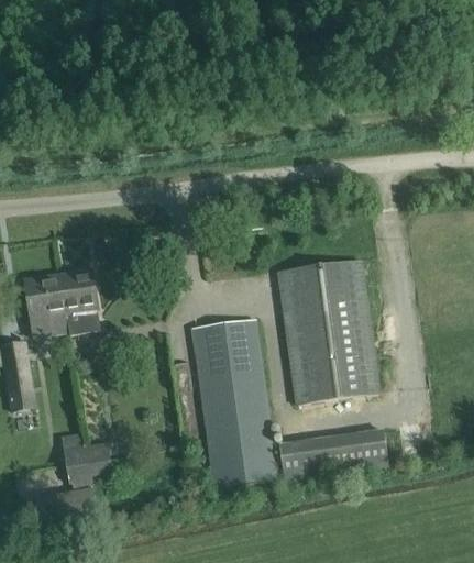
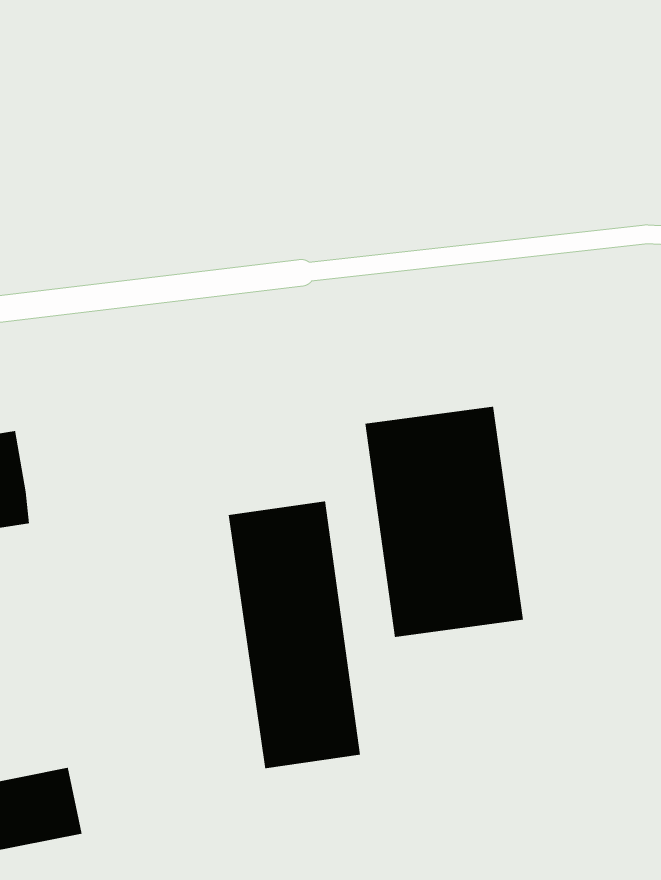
building: [59,268,100,332] -> none
building: [279,428,389,479] -> none
building: [60,430,112,479] -> none

